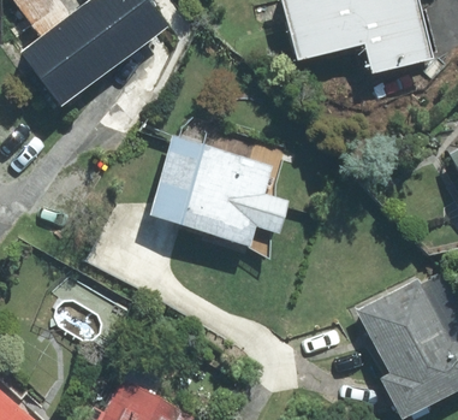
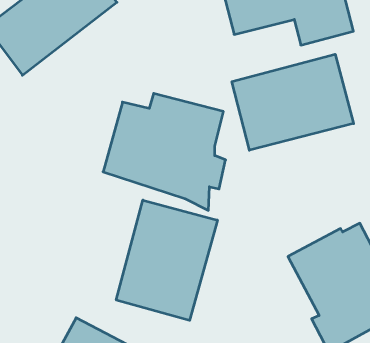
building: none -> [232,54,354,150]
building: none -> [116,200,217,320]

